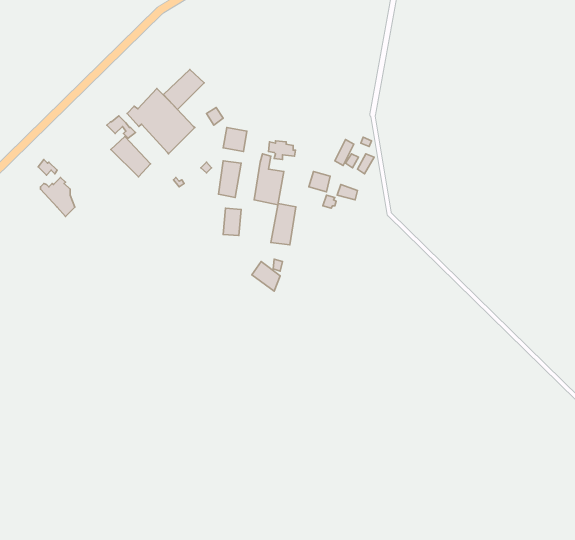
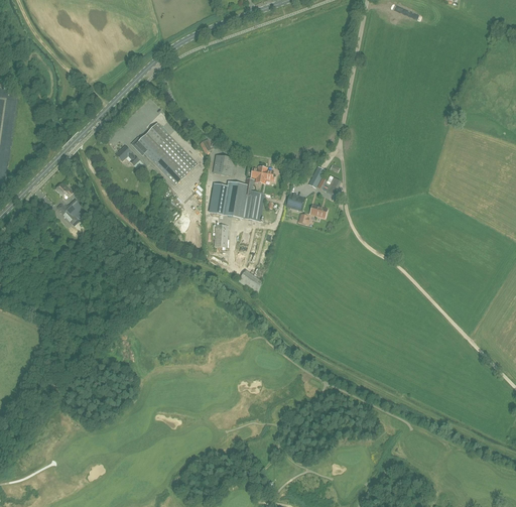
building: [163,70,204,109] -> none
building: [111,137,150,177] -> none
building: [271,203,296,245] -> [223,181,244,217]

